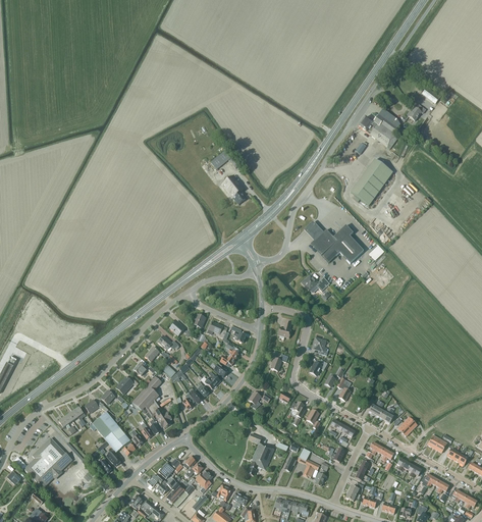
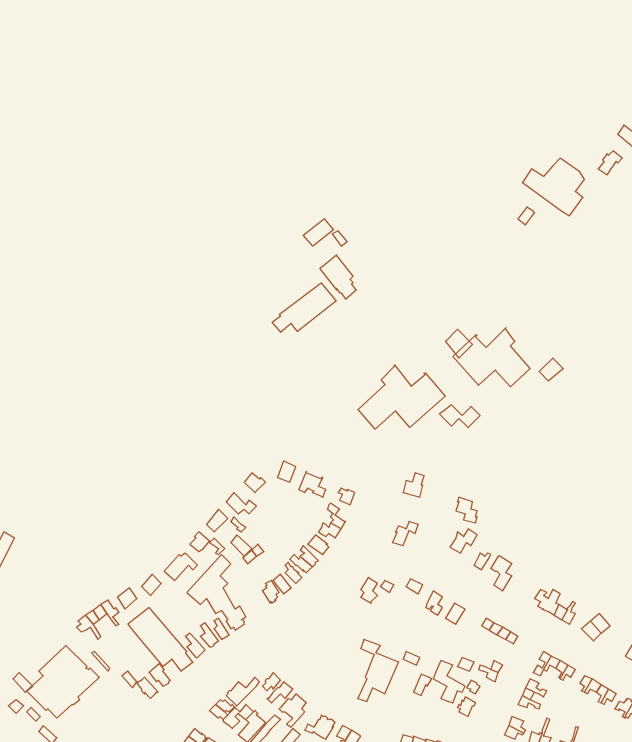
building: [351,159,392,205] -> none
building: none -> [272,283,336,332]
building: none -> [358,365,445,429]

